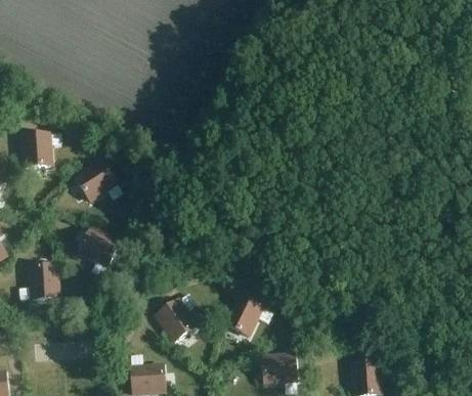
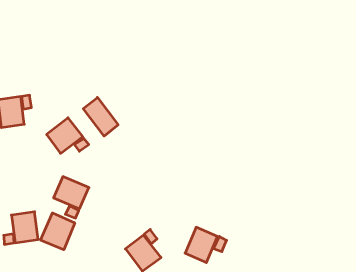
building: none -> [83,97,118,136]
building: none -> [41,213,75,250]

